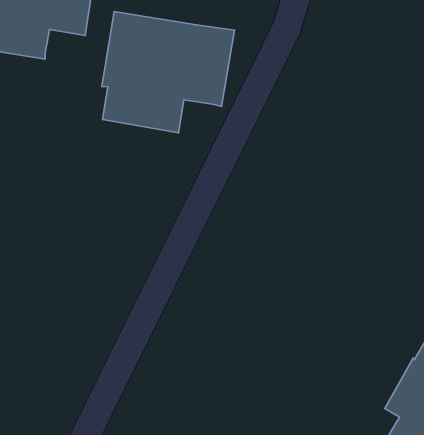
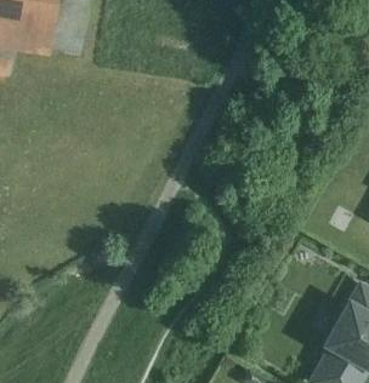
building: [102,12,234,133] -> none

